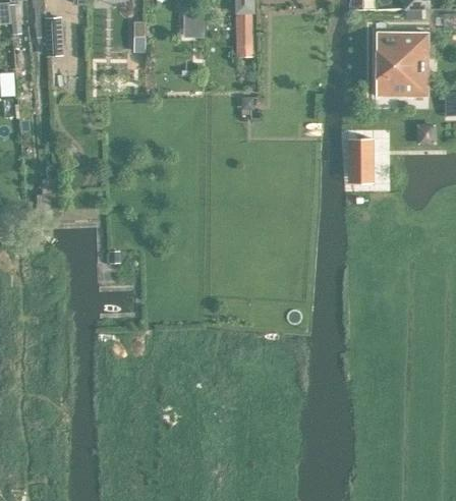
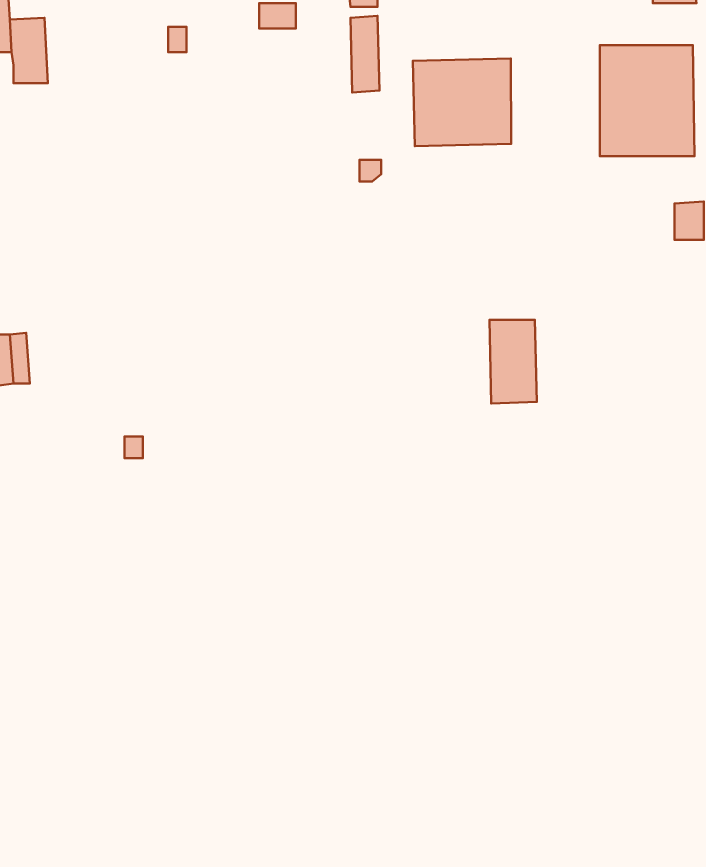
building: none -> [413,58,511,146]
building: [347,138,374,185] -> [489,320,537,404]

